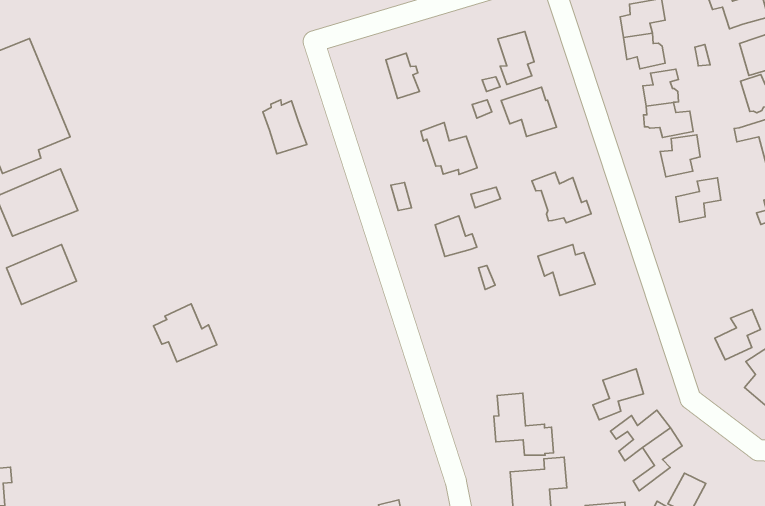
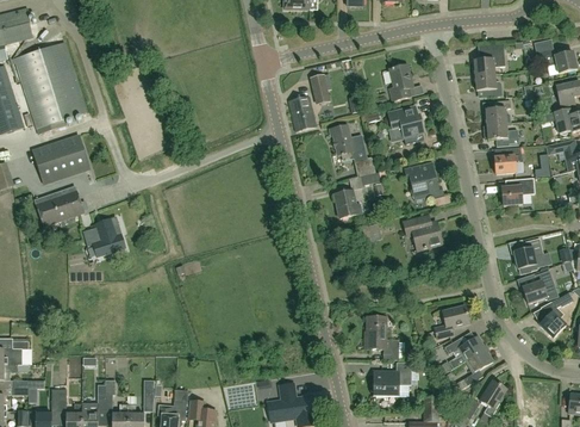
building: [263,100,307,154] -> [288,93,317,130]
building: none -> [514,237,543,273]
building: [153,304,217,362] -> [82,217,125,256]

